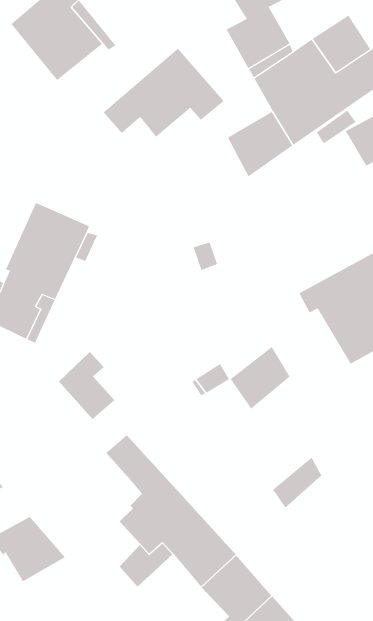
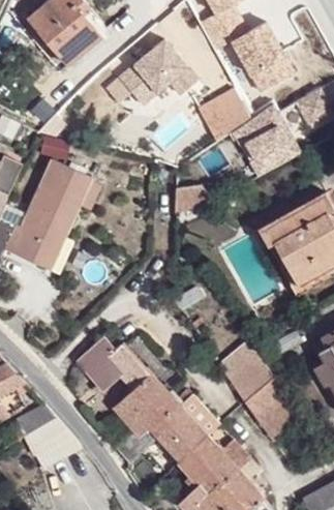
building: none -> [229,109,299,179]
building: [230,346,291,409] -> [217,335,265,385]
building: [58,351,115,420] -> [75,336,120,390]
building: none -> [244,373,295,431]

